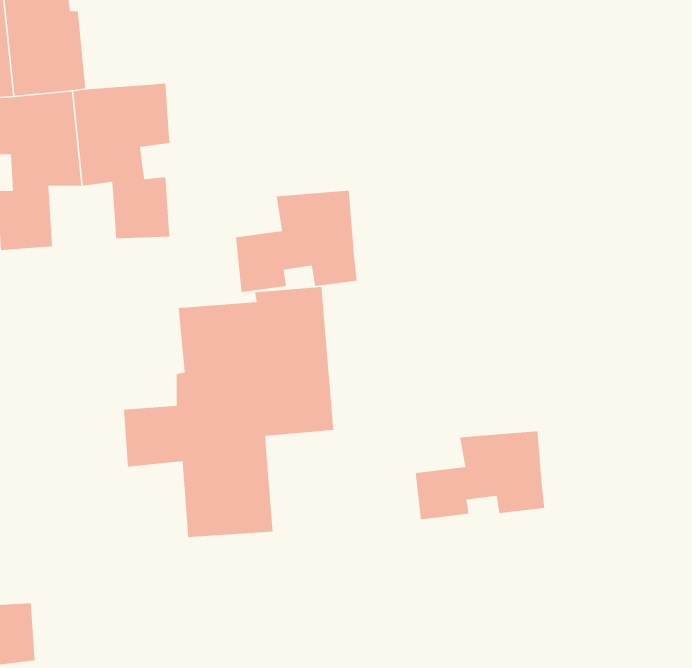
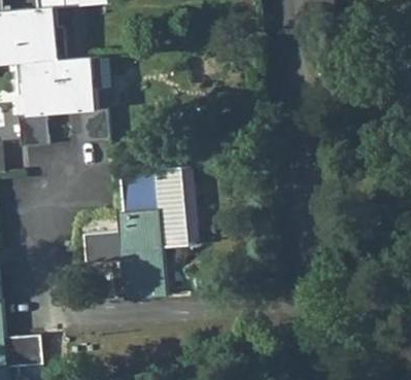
building: [235,190,358,293] -> none
building: [415,430,545,520] -> none

